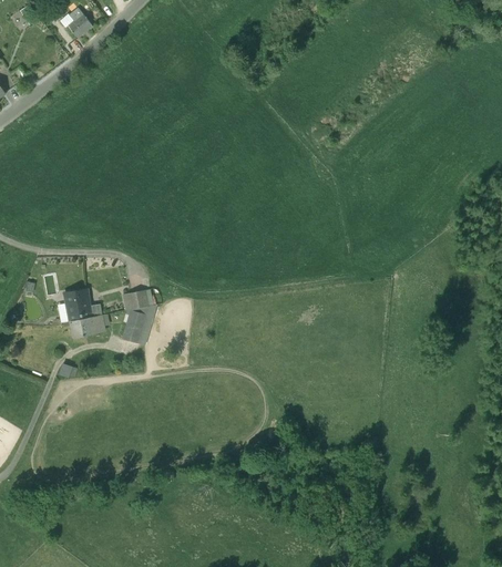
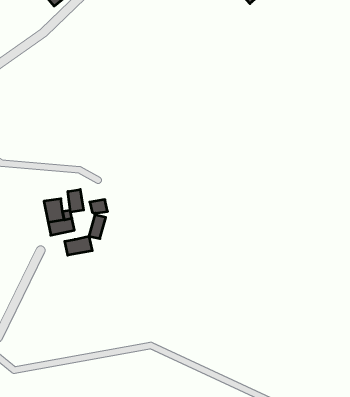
building: none -> [68,189,84,212]
building: none -> [65,236,92,255]

